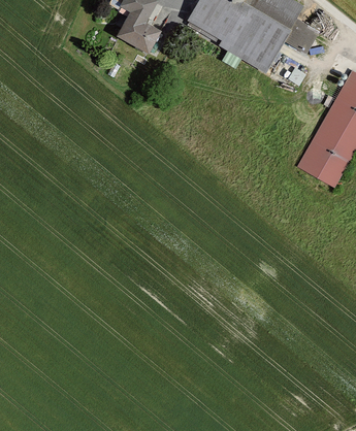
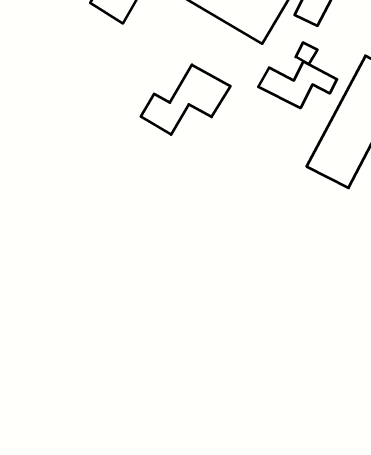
building: none -> [258,62,337,108]
building: none -> [141,65,230,135]

